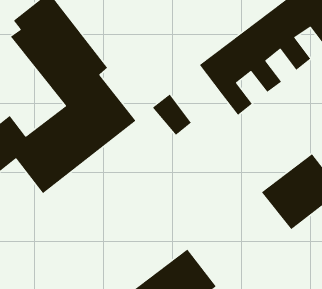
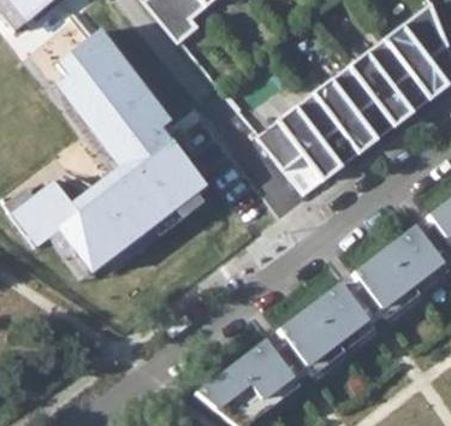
building: [152,94,192,136] -> [257,118,305,168]
building: none -> [278,282,375,373]

